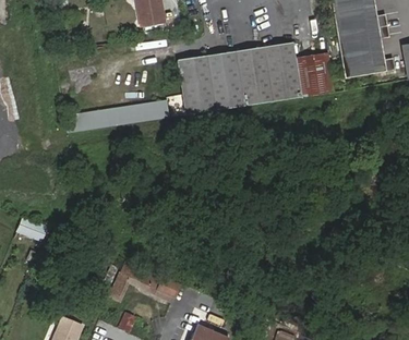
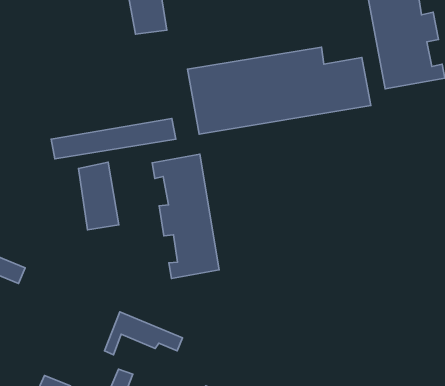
building: none -> [152,154,219,278]
building: none -> [78,162,119,230]

